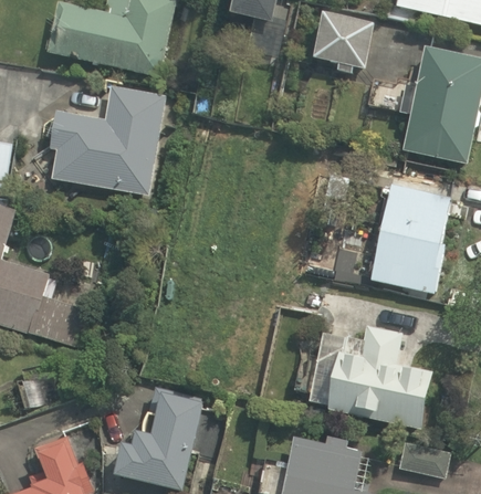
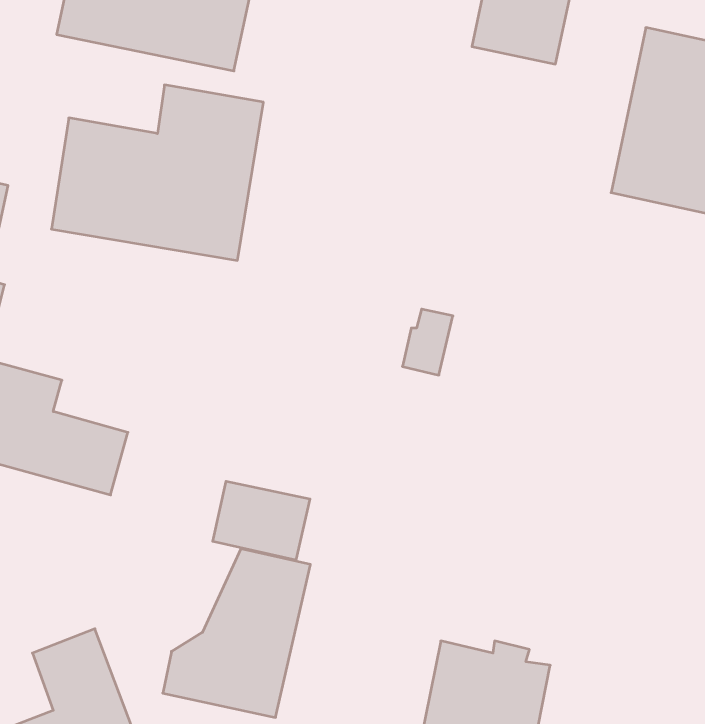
building: [367,186,448,296] -> none
building: [305,326,429,430] -> none
building: none -> [213,481,310,560]
building: [394,439,453,477] -> none

